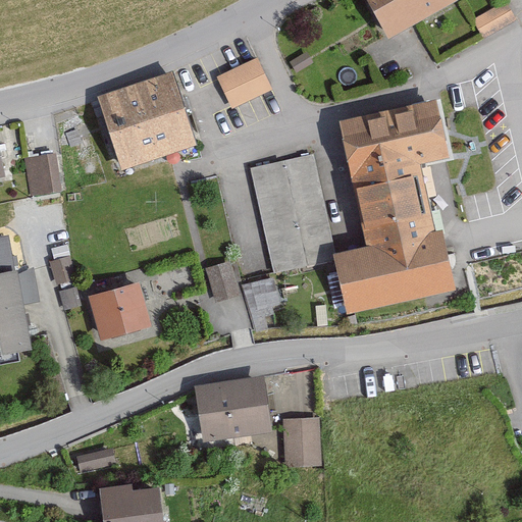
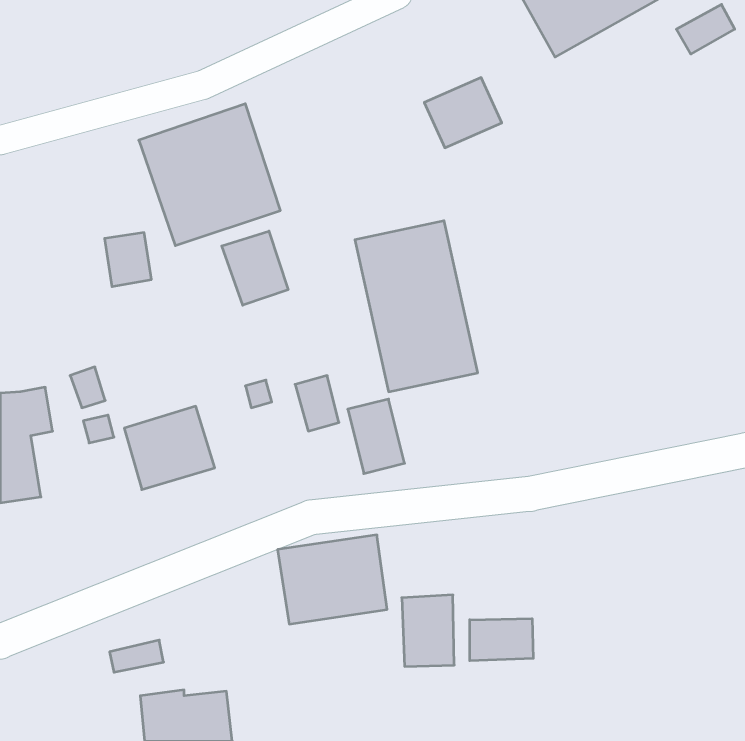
building: [216,59,270,108] -> [424,78,502,148]
building: [335,102,457,316] -> none
building: [29,157,61,195] -> [105,233,151,287]
building: none -> [222,231,288,305]
building: none -> [470,619,533,661]

